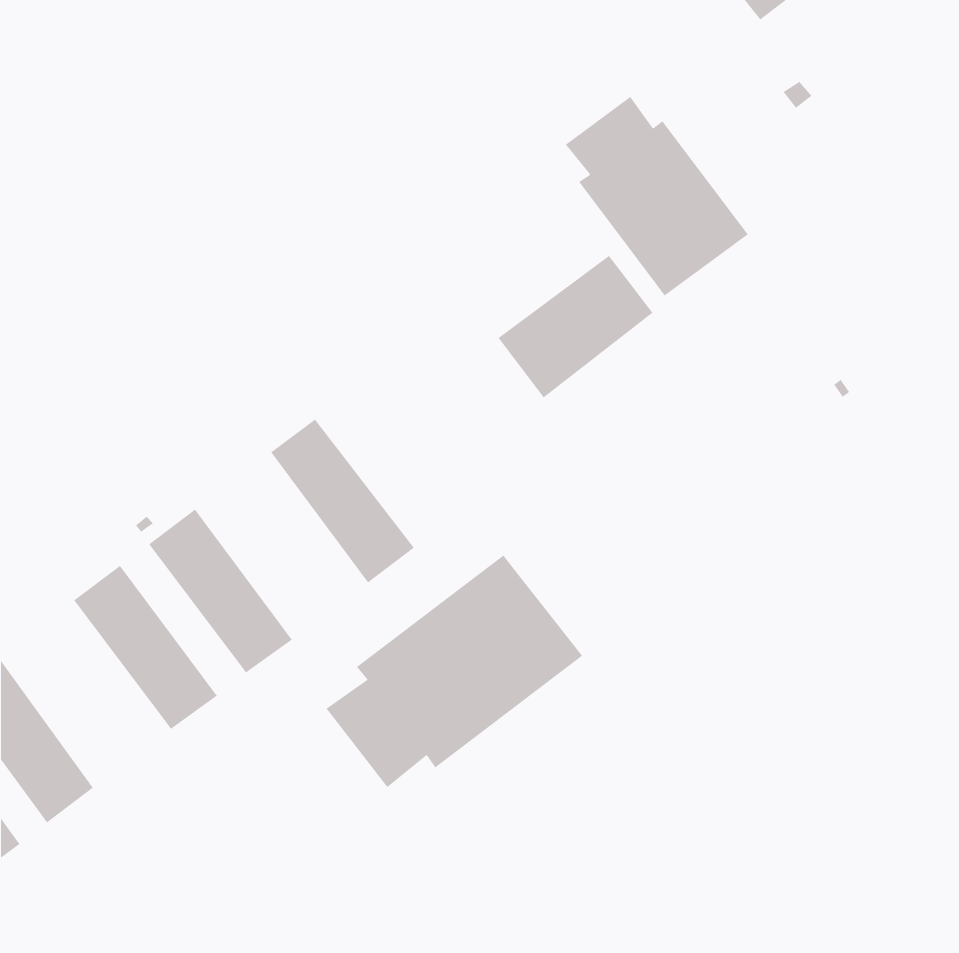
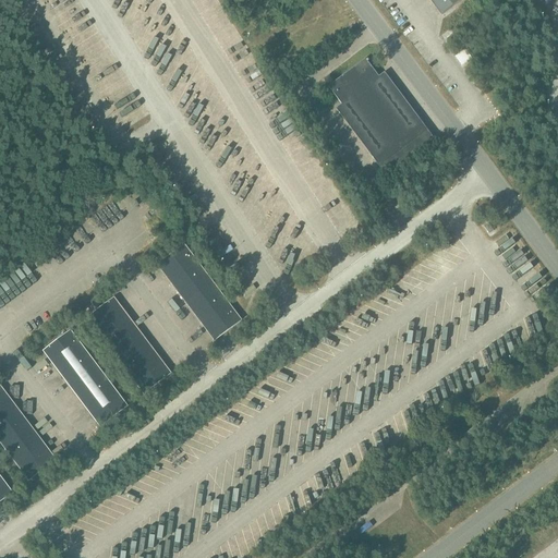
building: [498,255,653,399] -> none
building: [326,555,583,788] -> none

